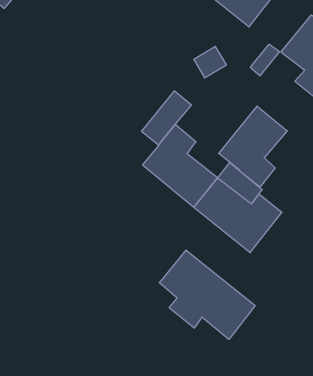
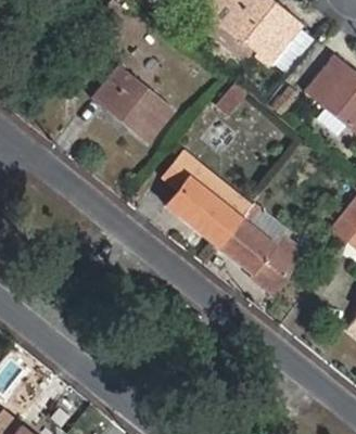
building: none -> [92,65,176,144]
building: [219,106,287,187] -> none
building: [159,250,255,339] -> none

